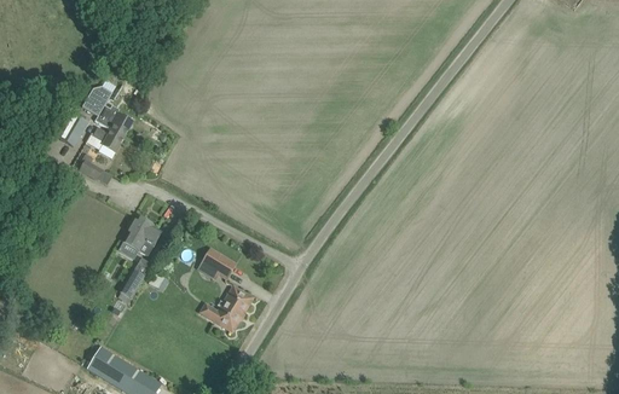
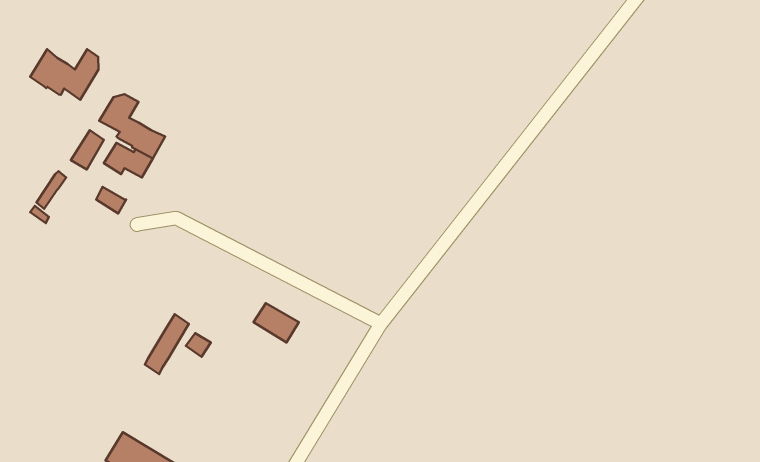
building: none -> [30,49,98,100]
building: [118,215,162,257] -> none
building: [198,286,253,332] -> none

